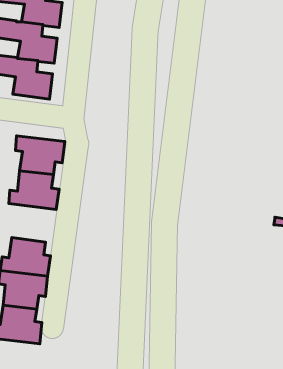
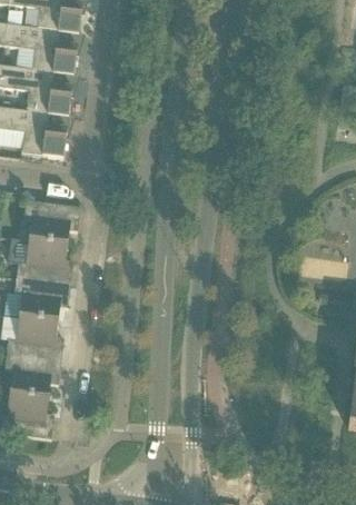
building: none -> [13,273,70,317]

